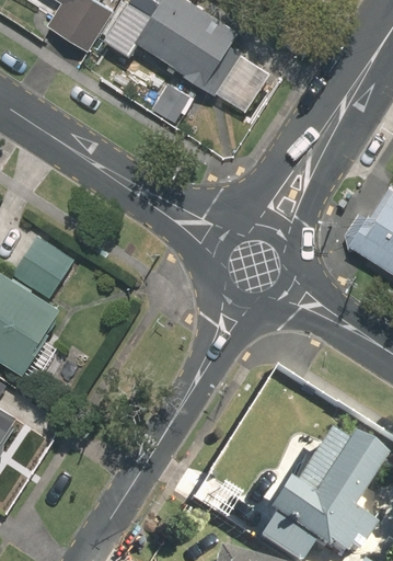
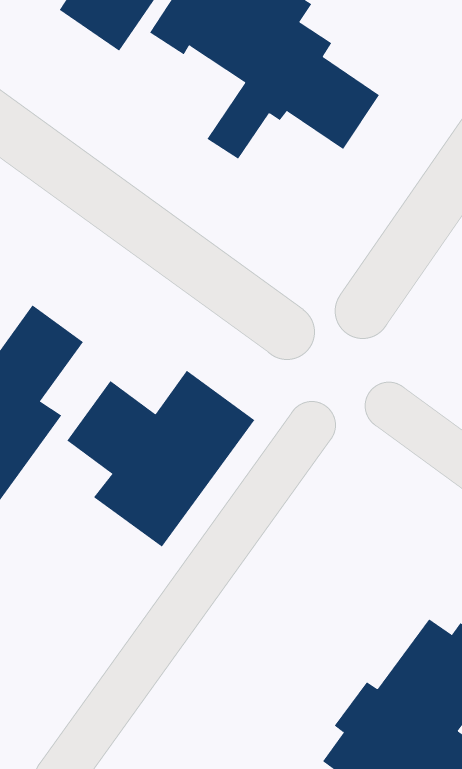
building: none -> [66,370,255,548]

